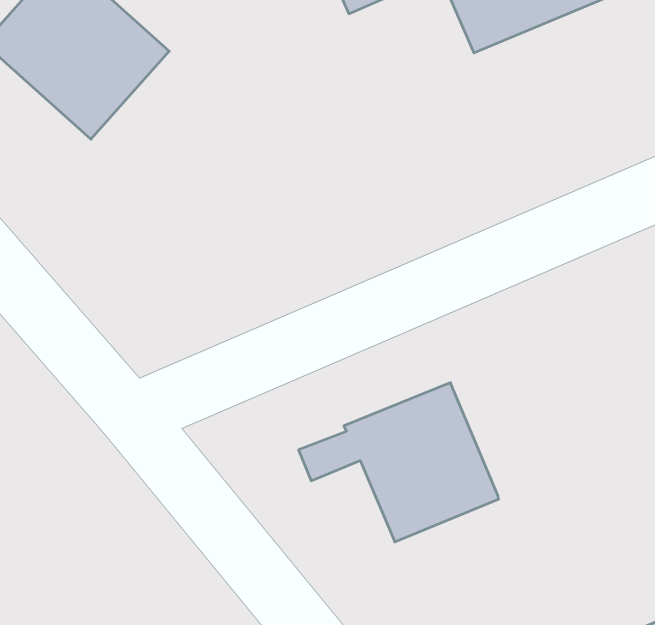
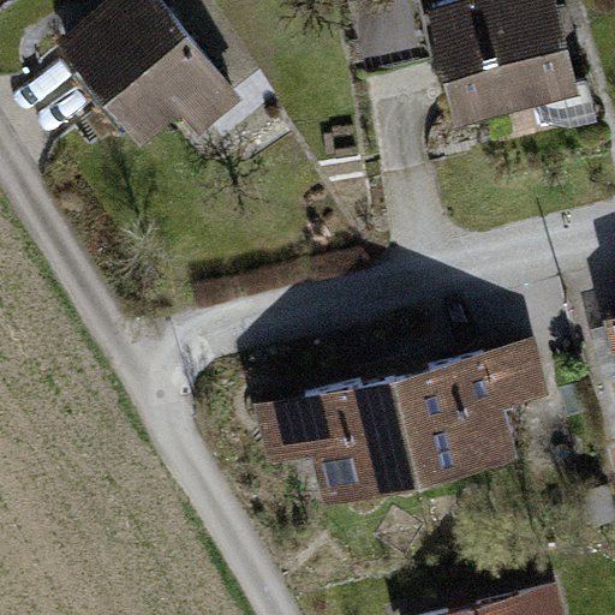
building: none -> [399,351,536,476]

